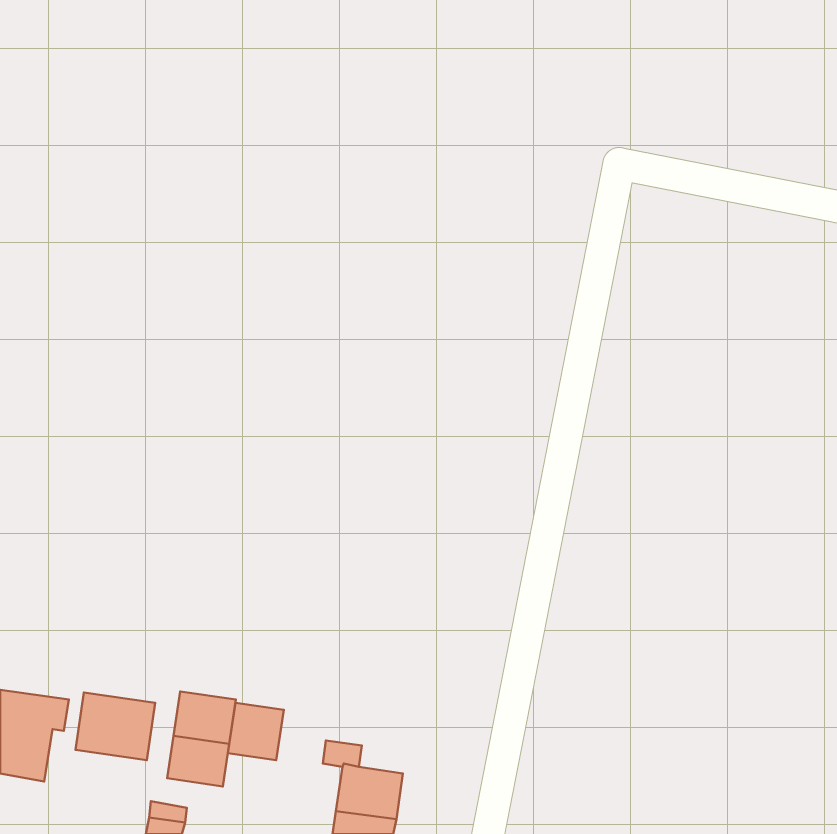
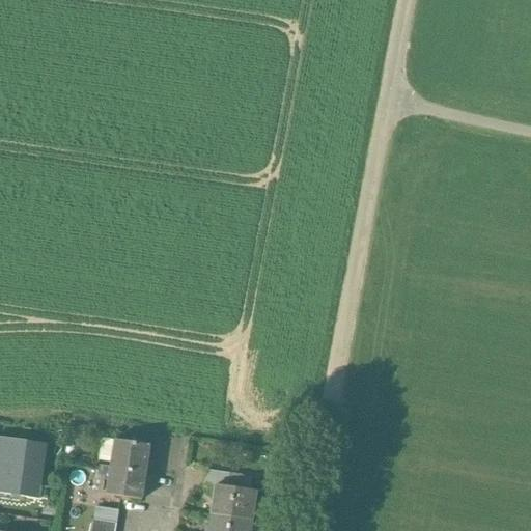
building: [75,693,155,760] -> none
building: [228,703,284,760] -> none

